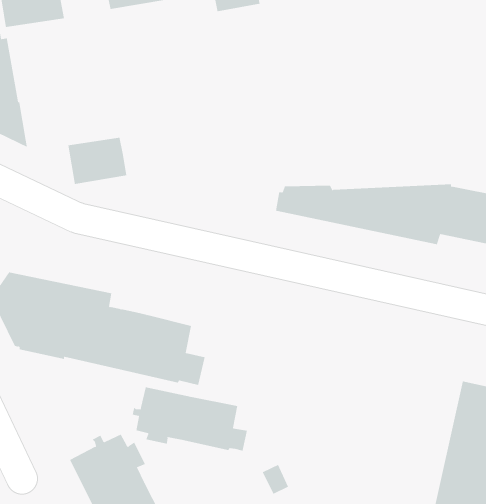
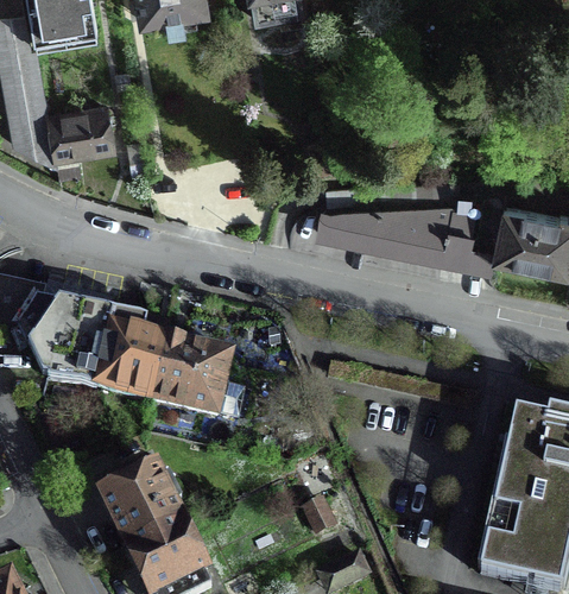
building: [67,137,127,184] -> [49,108,112,158]
building: [132,386,247,452] -> none

